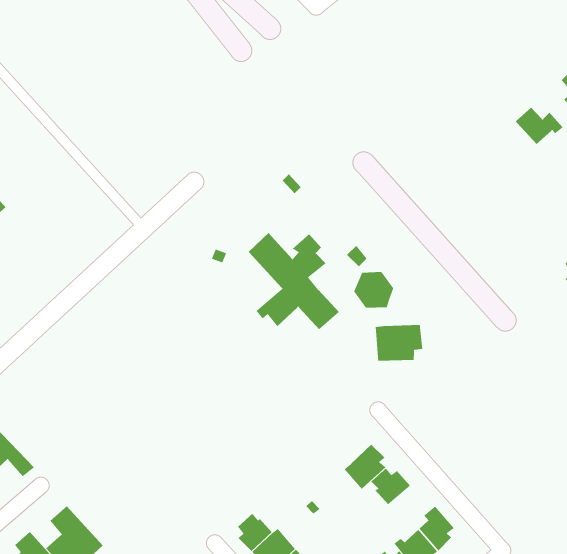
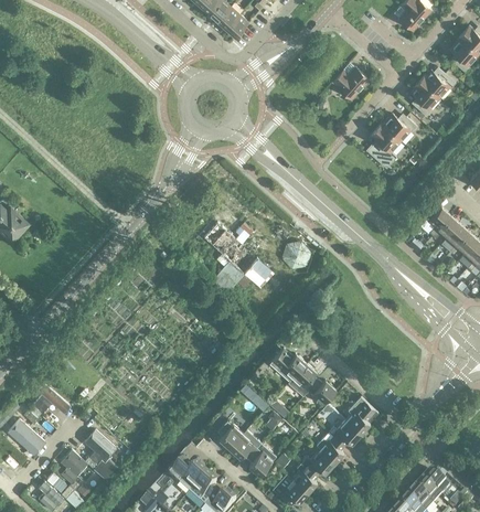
building: none -> [332,67,367,98]
building: none -> [369,124,398,168]
building: [375,324,423,362] -> none
building: none -> [273,352,305,381]

